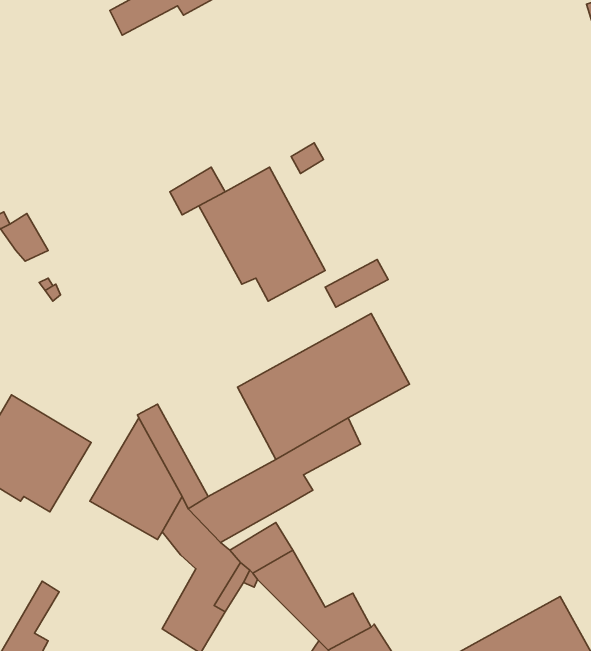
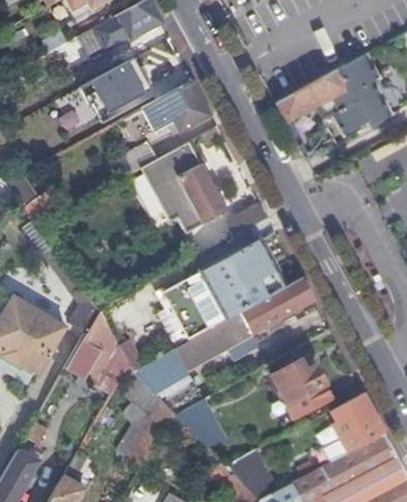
building: none -> [276,54,391,137]
building: none -> [89,60,145,113]
building: none -> [142,81,212,134]
building: none -> [241,279,314,330]
building: none -> [272,356,331,419]
building: none -> [324,394,384,462]

